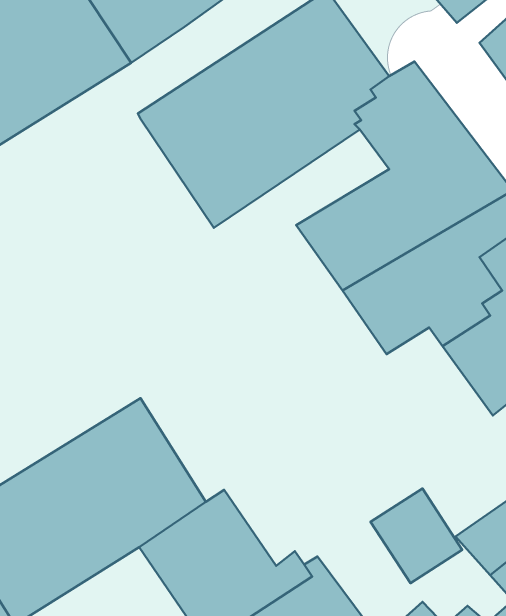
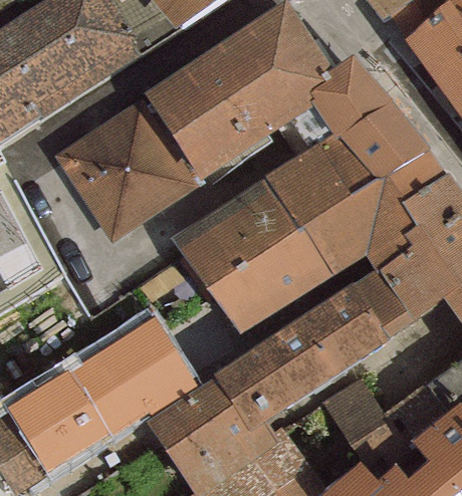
building: none -> [54,97,206,244]
building: none -> [172,178,333,335]
building: none -> [211,269,414,435]

